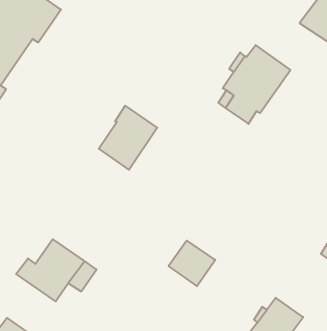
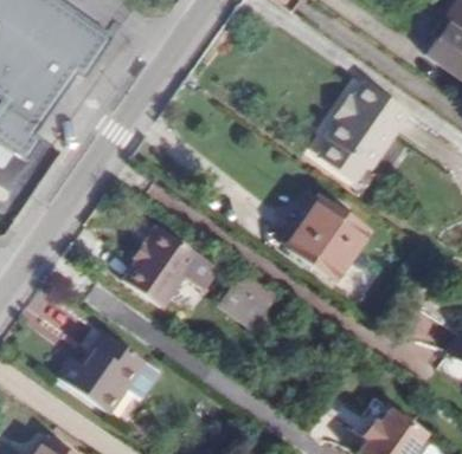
building: [99,106,157,170] -> [122,223,198,306]
building: none -> [283,195,370,280]
building: [169,241,215,286] -> [216,271,276,330]

